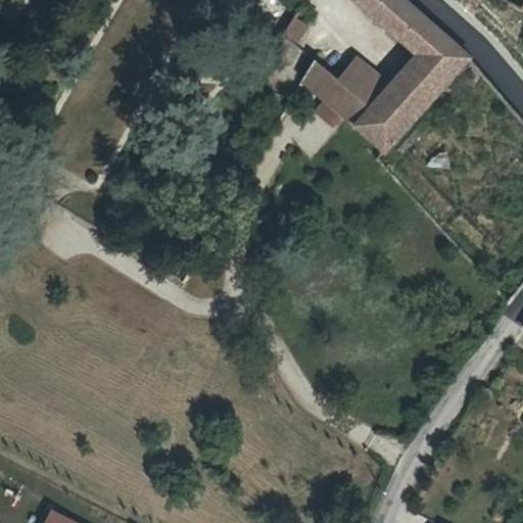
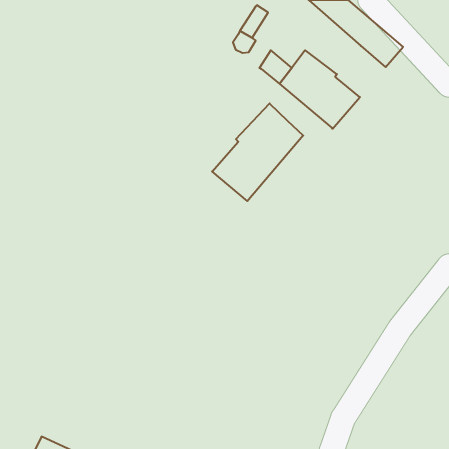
building: [388,55,446,114] -> none
building: none -> [212,103,303,201]

